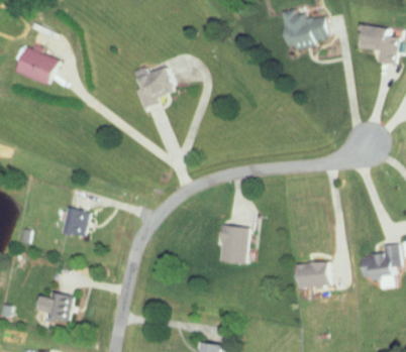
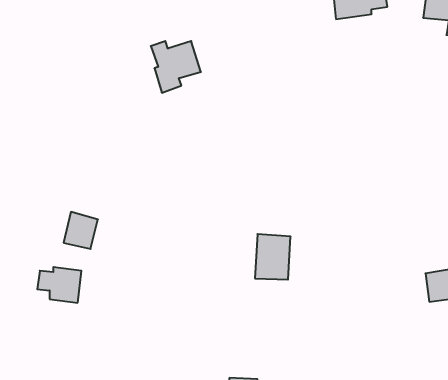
building: [14,48,56,83] -> none
building: [296,262,330,287] -> none
building: [36,292,73,322] -> [37,267,81,303]

